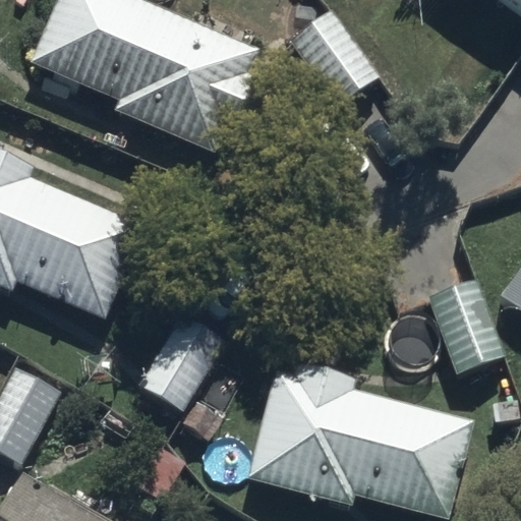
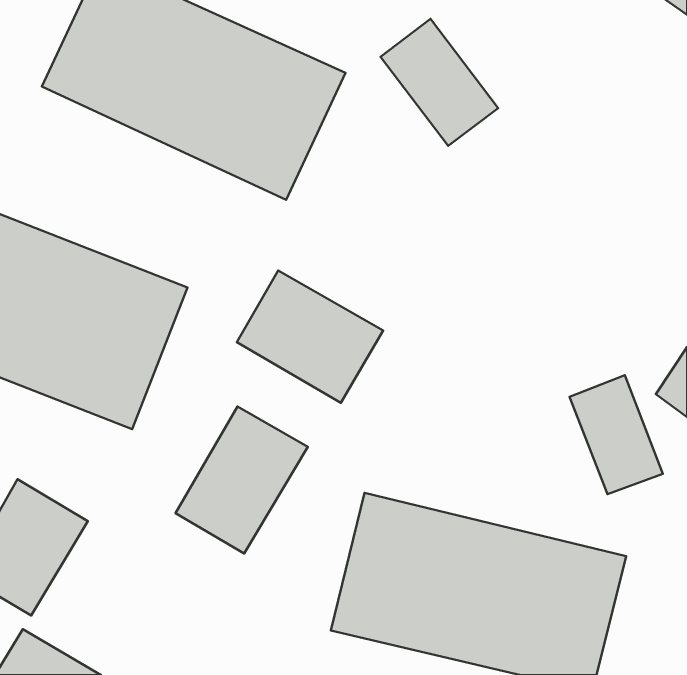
building: none -> [237,271,383,403]

